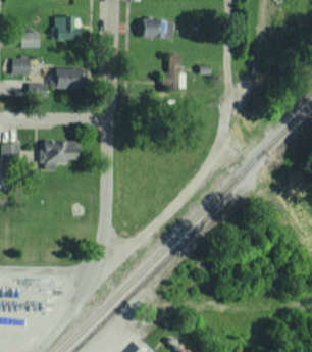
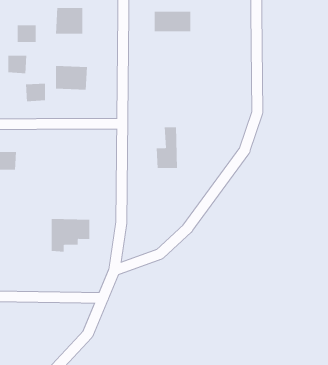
building: [161,54,180,91] -> [156,127,178,169]
building: [43,141,77,170] -> [51,218,90,252]

